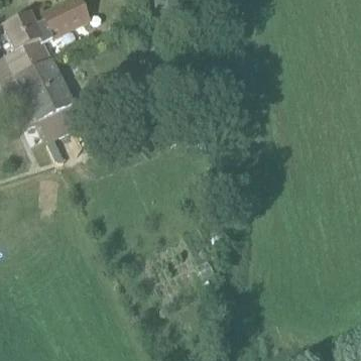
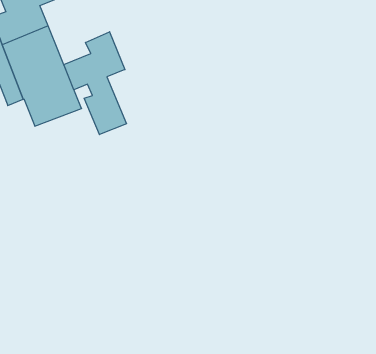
building: none -> [64,32,126,135]

